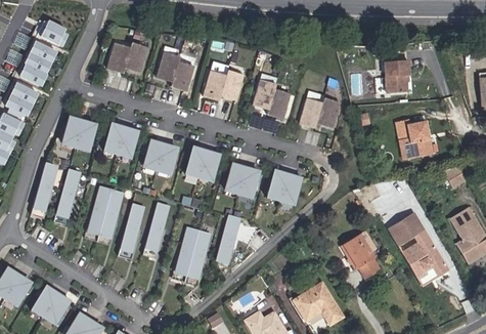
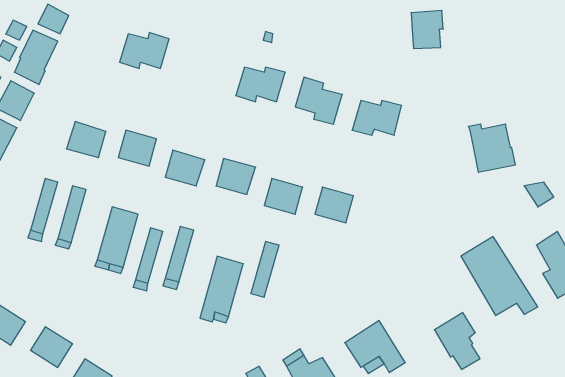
building: [157,46,195,91] -> none
building: [385,59,411,91] -> [411,10,443,49]
building: [344,231,382,278] -> [434,313,480,369]

